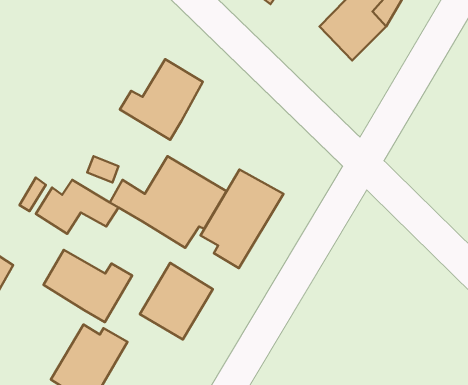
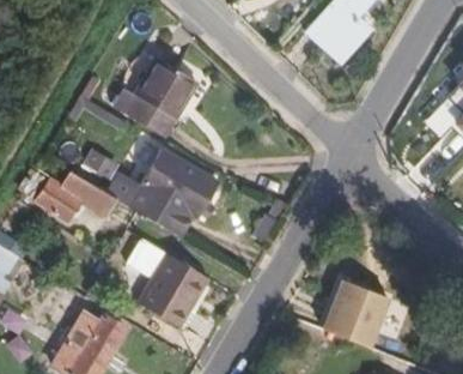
building: [200,169,284,268] -> none
building: [43,250,132,322] -> none
building: none -> [318,278,391,350]

